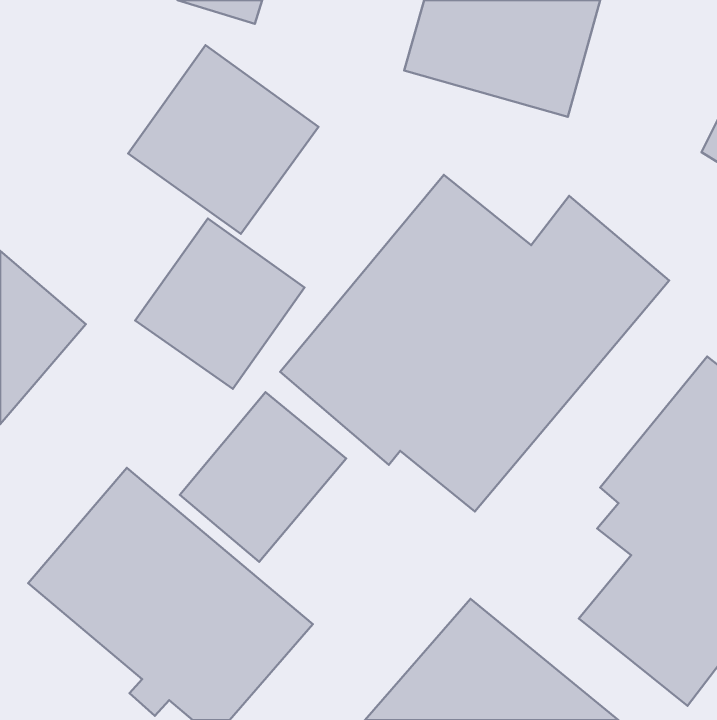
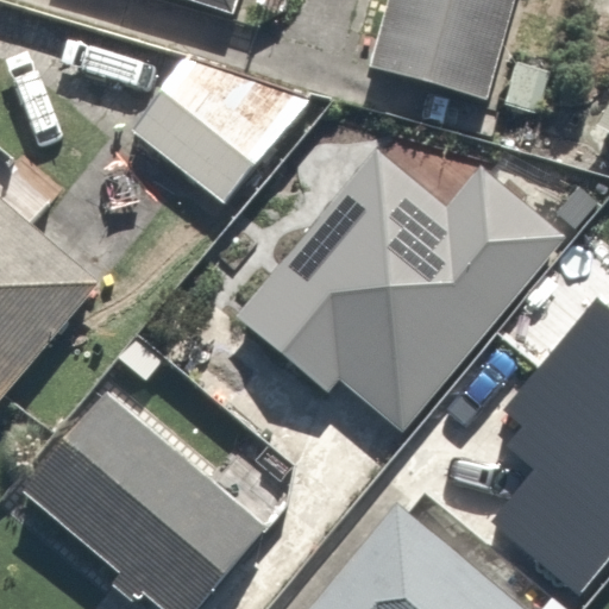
building: [135,218,304,389] -> none
building: [180,392,346,562] -> none

